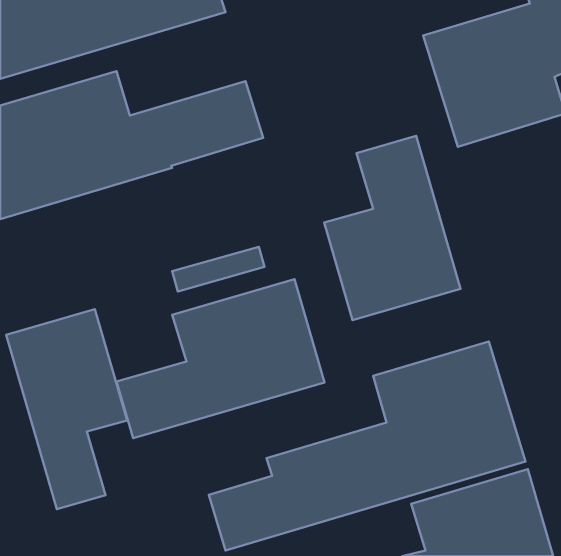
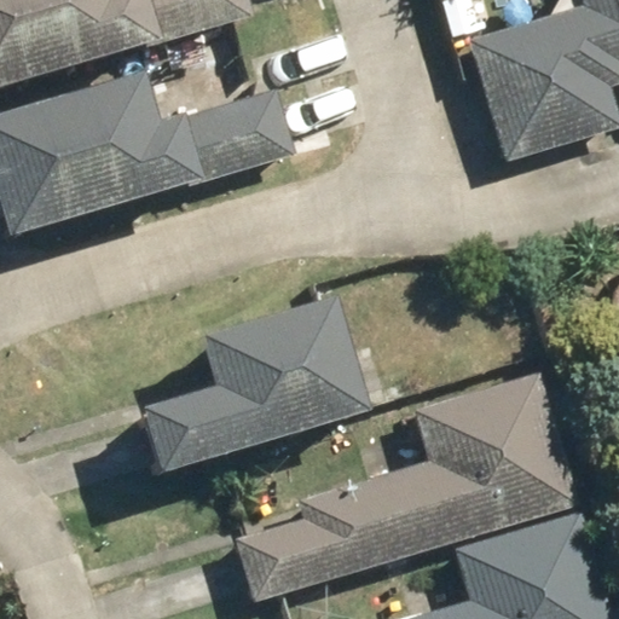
building: [324,136,460,320] -> none
building: [6,309,127,509] -> none

